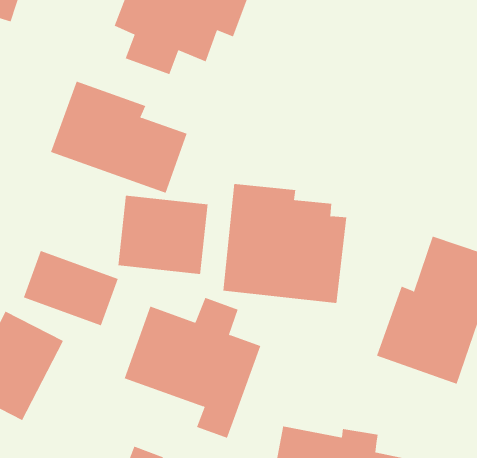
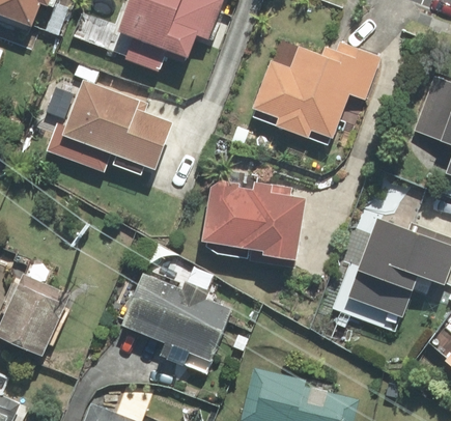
building: none -> [247,29,385,142]
building: [118,195,208,275] -> none
building: [23,250,119,326] -> none

